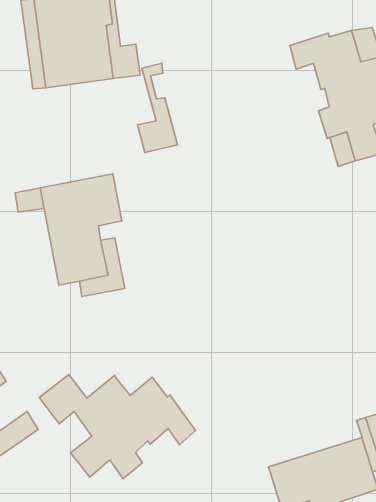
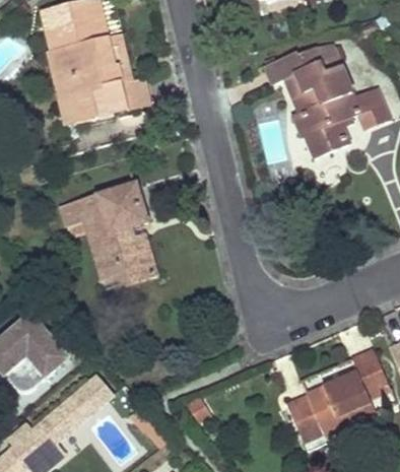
building: [138,63,177,153] -> none
building: [39,374,195,479] -> none

